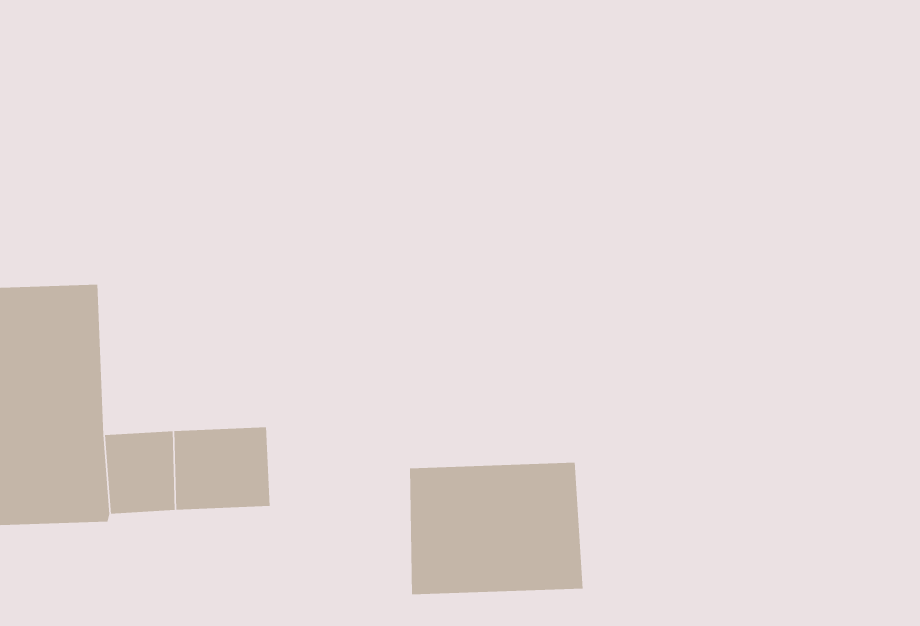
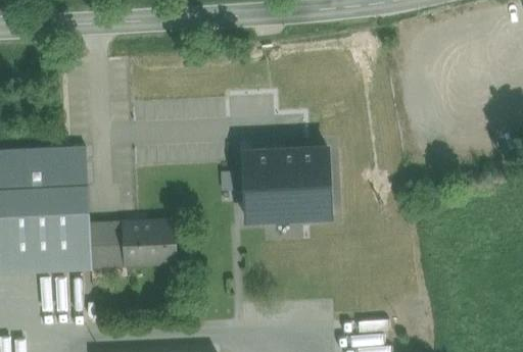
building: [409,462,584,595] -> [242,149,332,217]

